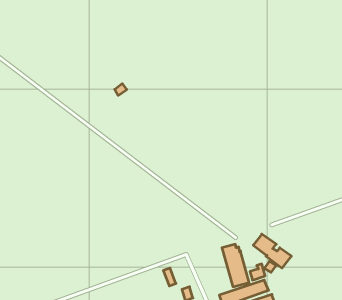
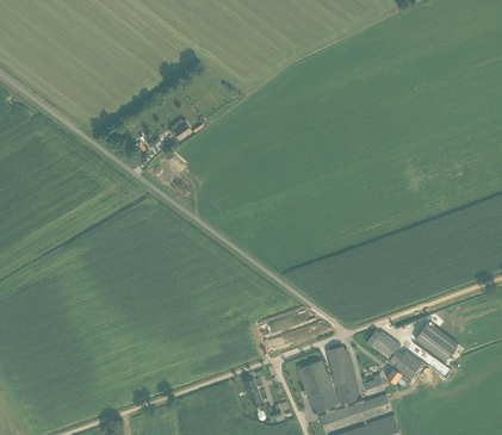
building: none -> [411,322,455,361]
building: none -> [296,359,339,414]

